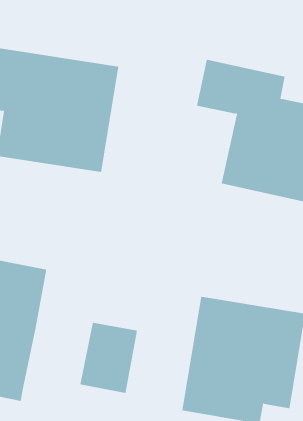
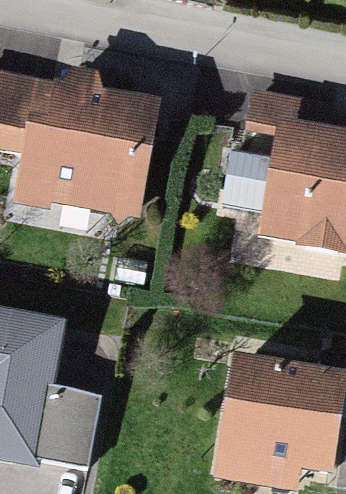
building: [79,322,138,394] -> [39,387,103,465]

